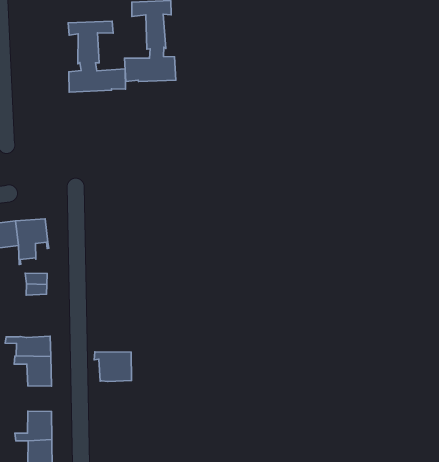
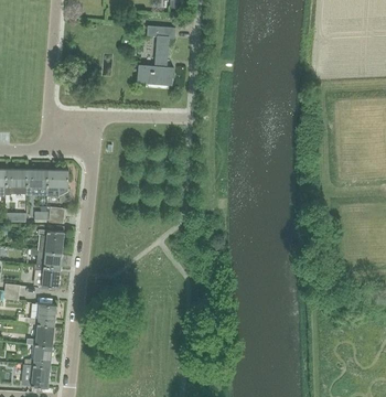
building: [68,21,126,92] -> none
building: [94,352,131,382] -> [37,230,64,254]

